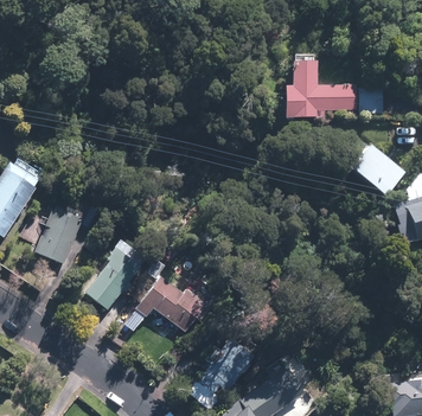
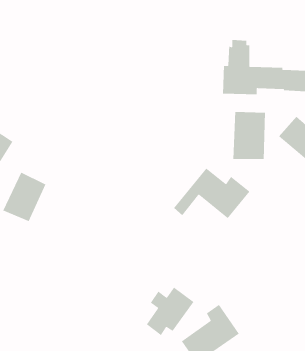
building: none -> [232,111,266,160]
building: [84,239,151,311] -> none
building: [122,275,211,334] -> [173,168,251,219]

